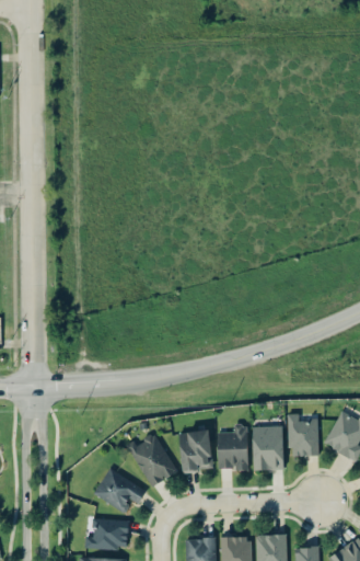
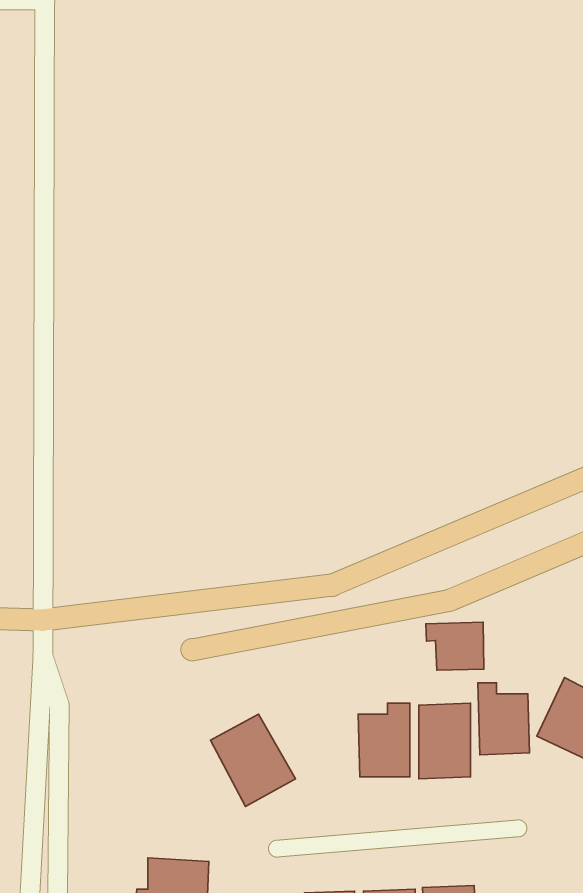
building: none -> [426,622,484,670]
building: [179,431,212,472] -> none
building: [94,463,149,514] -> none

